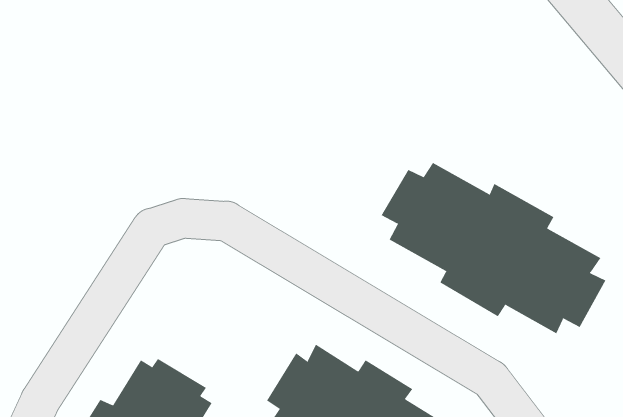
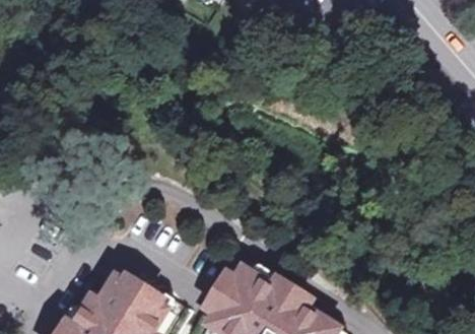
building: [381,162,606,334] -> none

